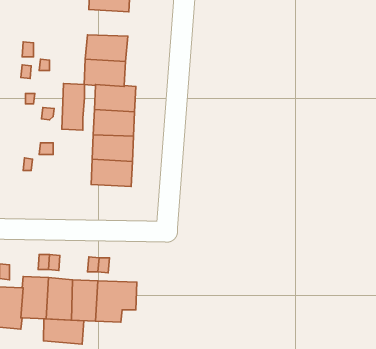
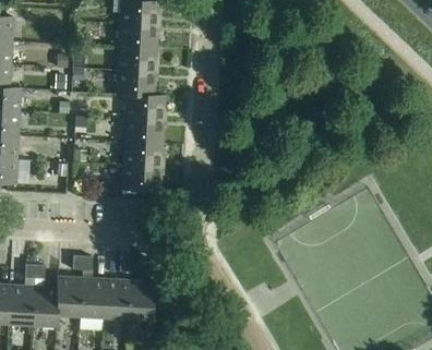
building: none -> [118,23,157,48]
building: [62,83,85,130] -> none
building: [43,319,84,344] -> none

